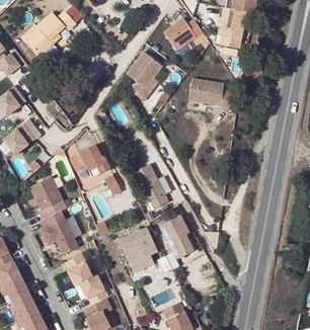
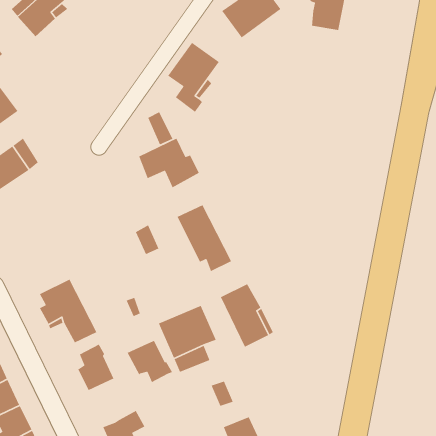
building: [185,81,229,111] -> none
building: [70,146,110,179] -> [138,138,200,189]
building: [30,176,65,212] -> none
building: [78,275,108,304] -> [127,340,173,383]

